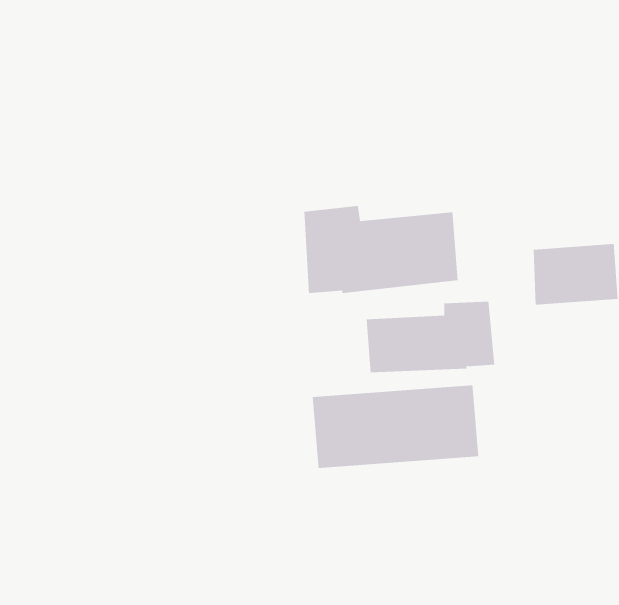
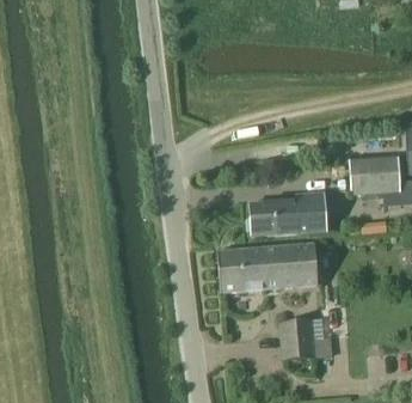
building: [304,205,458,294] -> none
building: none -> [278,318,331,359]

